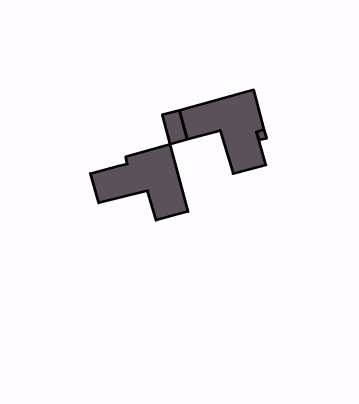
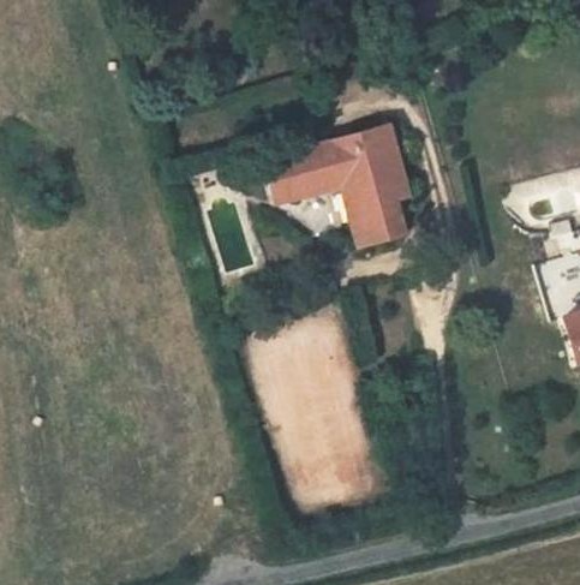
building: [90,144,188,220] -> none

